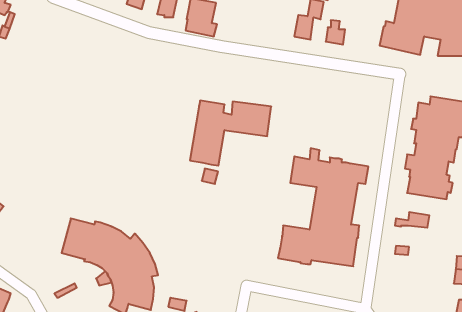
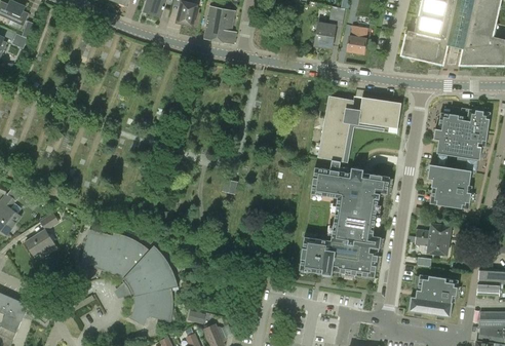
building: [190,101,271,166] -> [318,95,400,161]
building: none -> [25,212,59,256]
building: none -> [415,236,449,255]
building: none -> [407,274,460,316]

